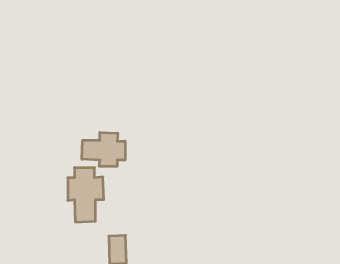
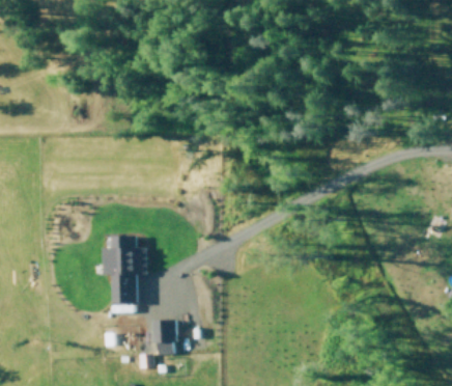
building: [82,132,125,166] -> none

